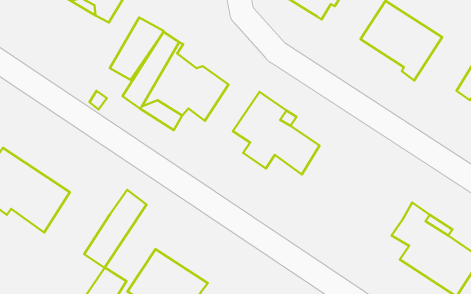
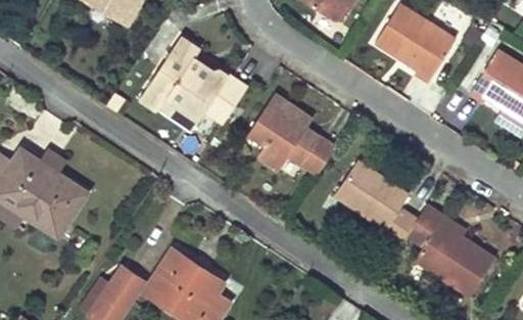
building: [110,17,163,80] -> none
building: none -> [334,161,417,244]
building: [84,190,146,268] -> none

